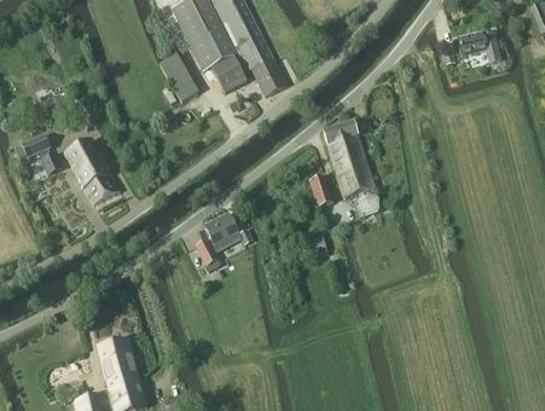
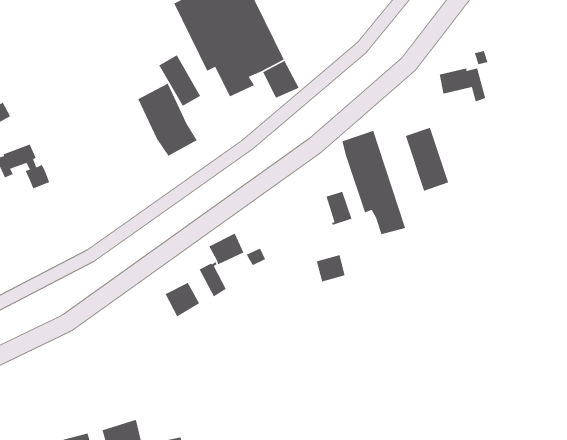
building: [458,31,500,63] -> [439,67,486,103]
building: none -> [405,127,449,192]
building: [65,138,120,204] -> [137,83,198,157]
building: none -> [165,282,200,317]
building: [95,337,140,390] -> none

